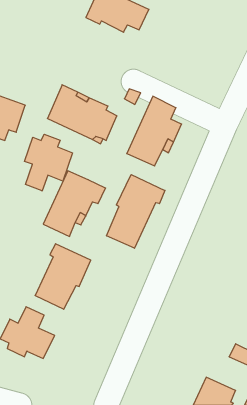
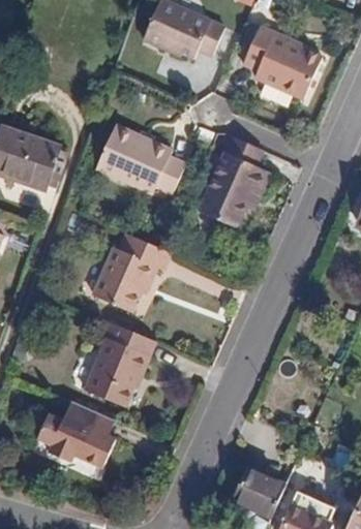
building: none -> [244,27,321,99]
building: [25,134,73,191] -> none
building: [107,175,165,248] -> none
building: none -> [233,465,287,517]

